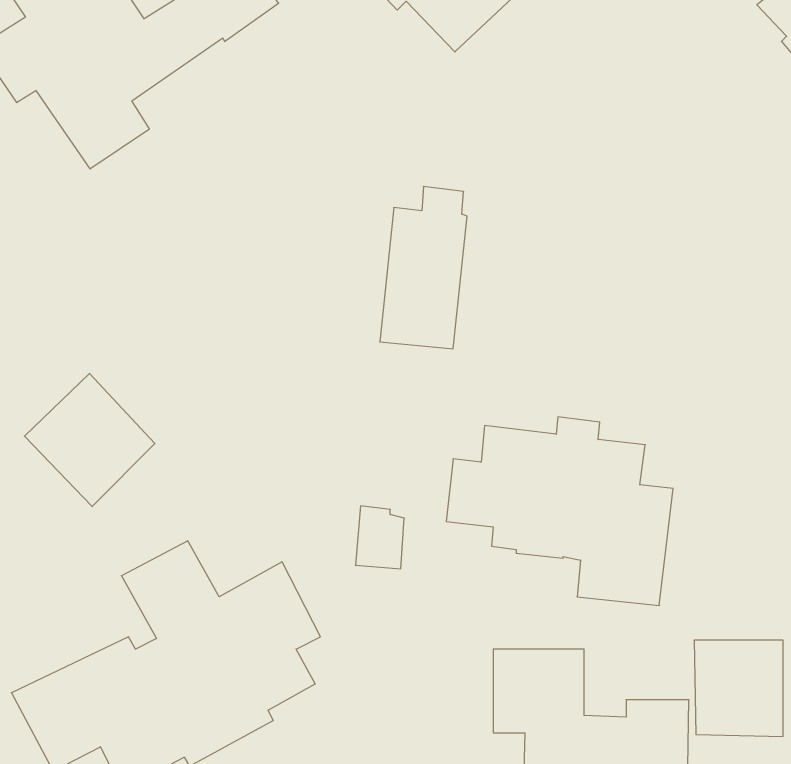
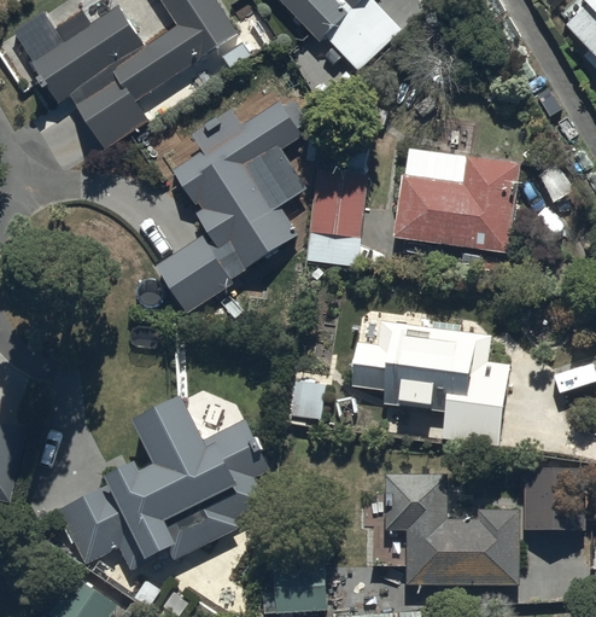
building: none -> [156,100,309,312]
building: none -> [390,149,519,256]
building: [24,373,155,507] -> none

